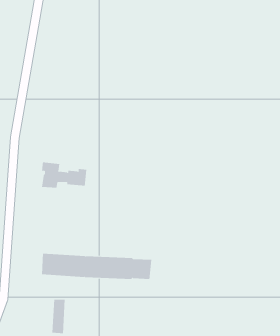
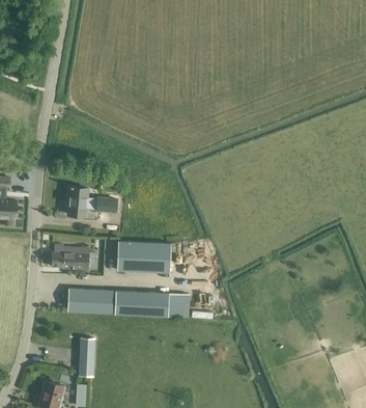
building: none -> [117,241,171,273]
building: none -> [52,247,89,269]

